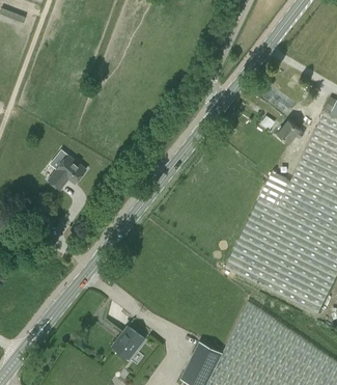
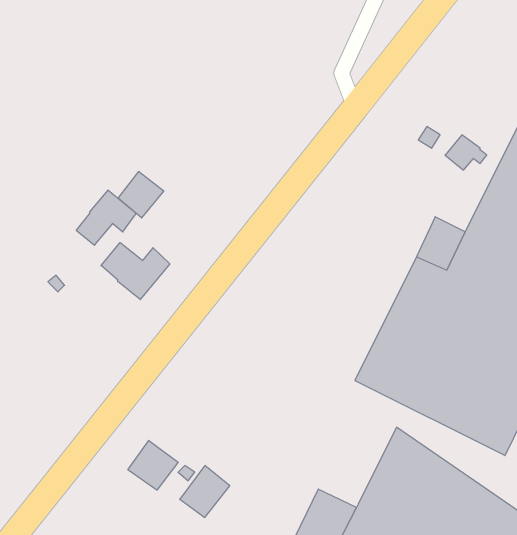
building: none -> [118,171,164,218]
building: none -> [101,243,170,300]
building: none -> [128,440,178,490]

